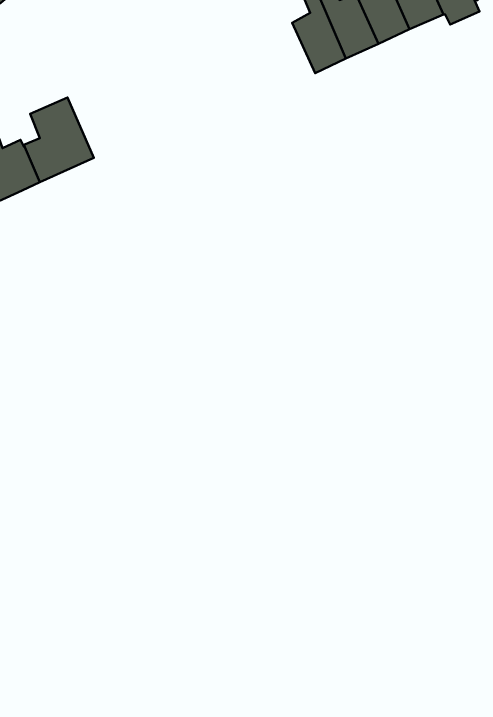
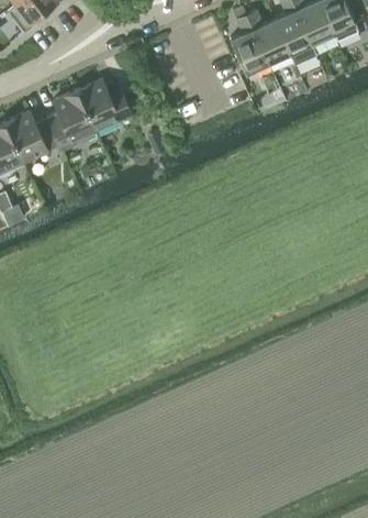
building: none -> [79,80,133,131]

